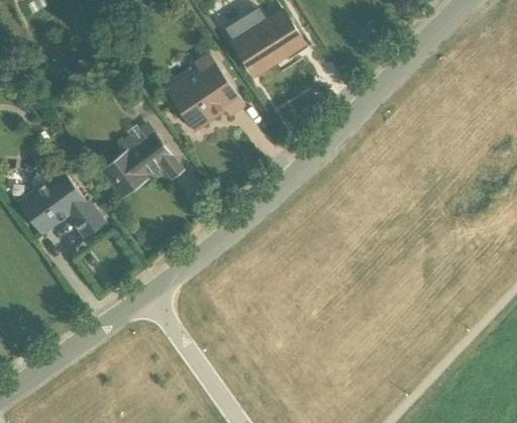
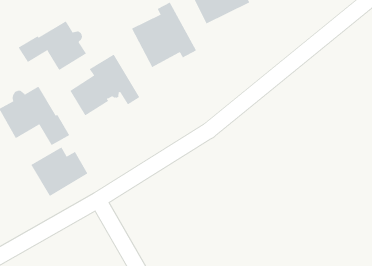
building: none -> [18,20,87,71]
building: none -> [31,146,88,197]

